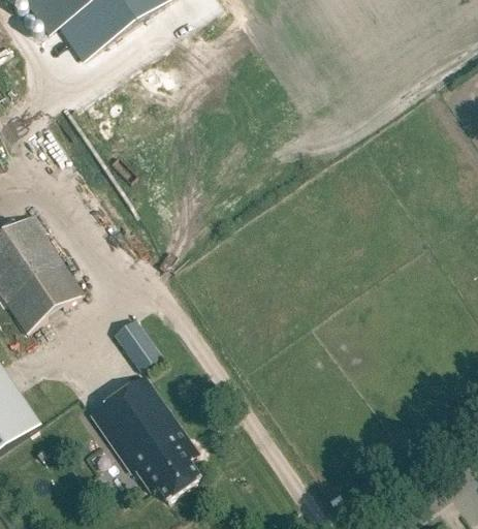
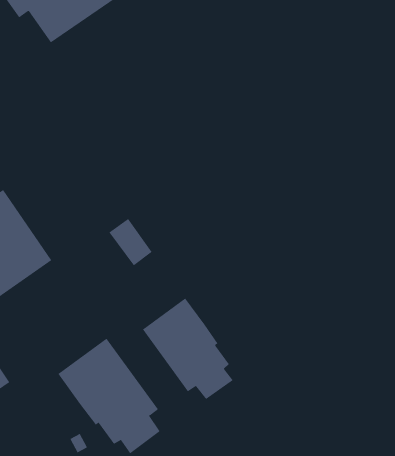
building: [111,317,159,369] -> [108,218,153,266]
building: none -> [142,297,233,400]

